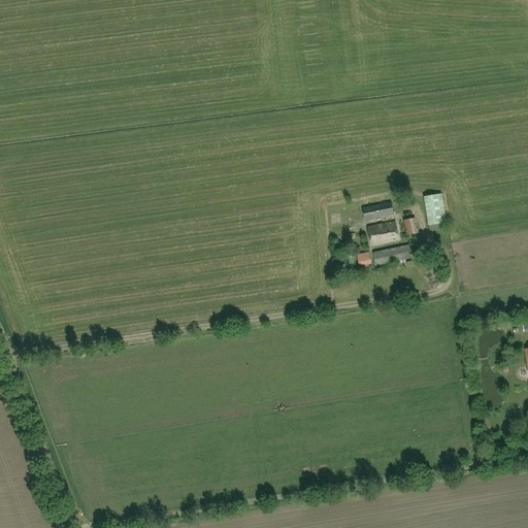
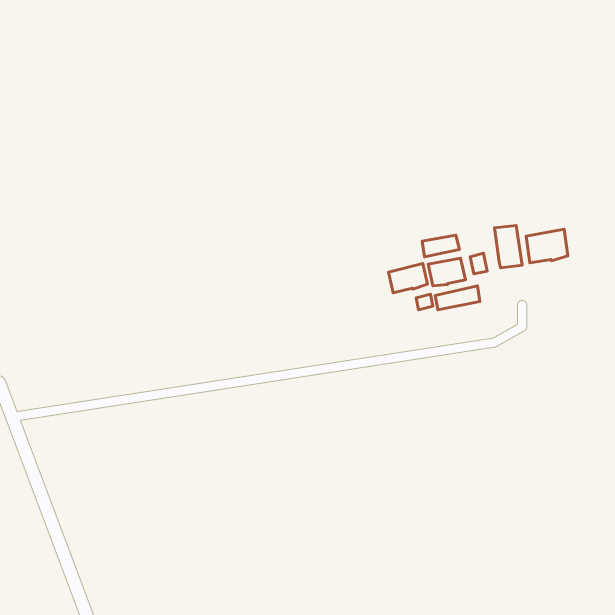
building: none -> [526,229,568,263]
building: none -> [388,263,428,293]

